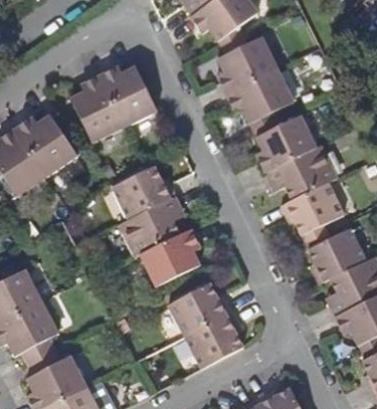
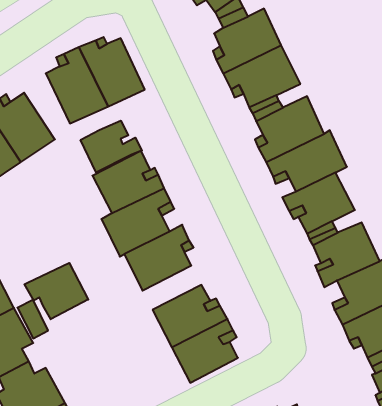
building: none -> [81,121,142,172]
building: none -> [24,263,88,319]

